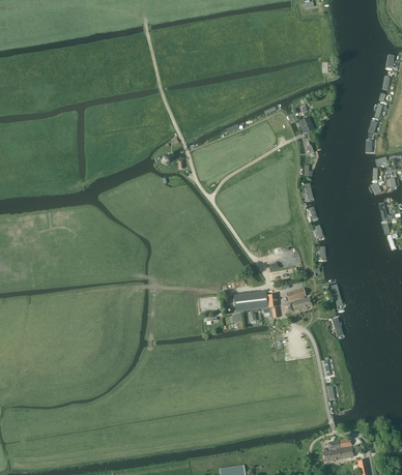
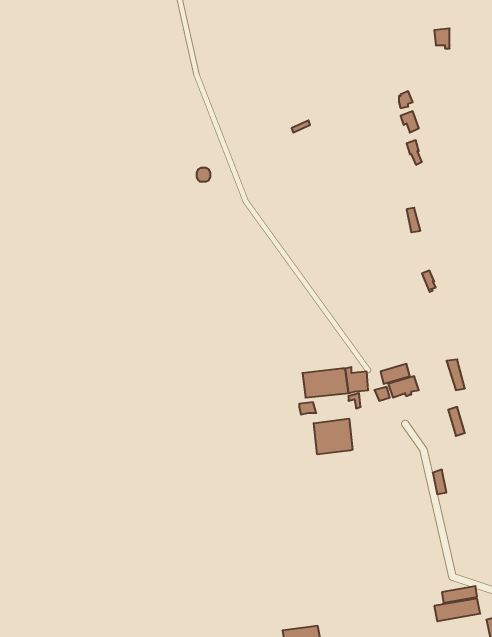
building: none -> [314,419,353,454]

